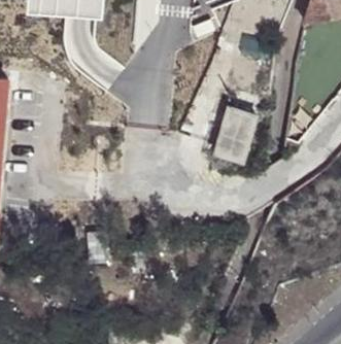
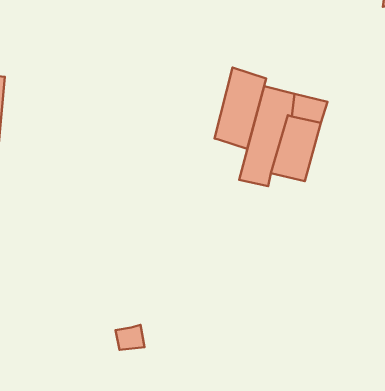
building: none -> [214,67,266,149]

